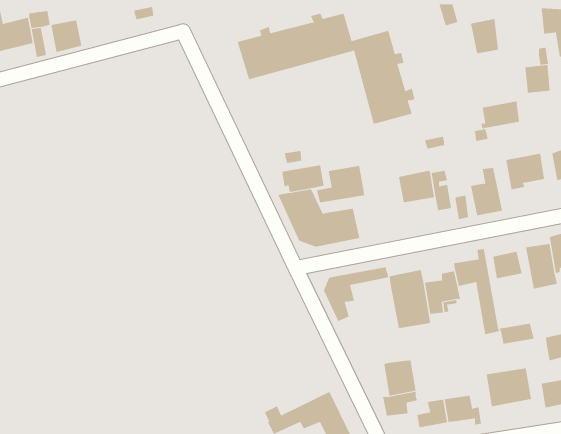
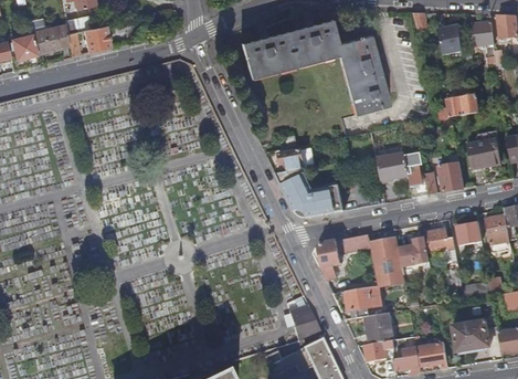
building: [524,65,551,93] -> [473,20,495,44]
building: [317,165,365,203] -> none
building: none -> [345,285,382,316]
building: none -> [290,305,321,339]

